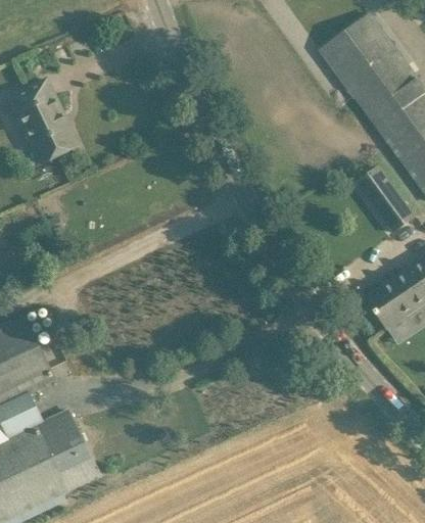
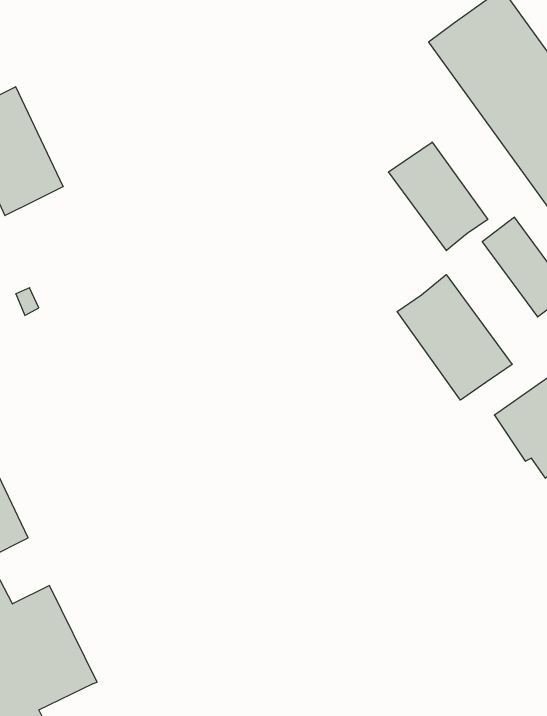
building: none -> [389,142,488,251]
building: none -> [397,275,512,400]

